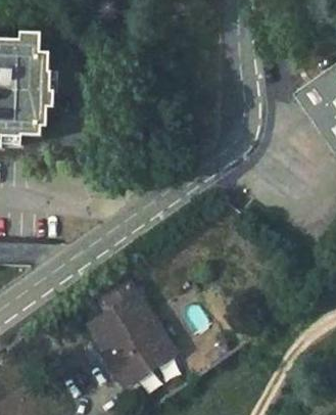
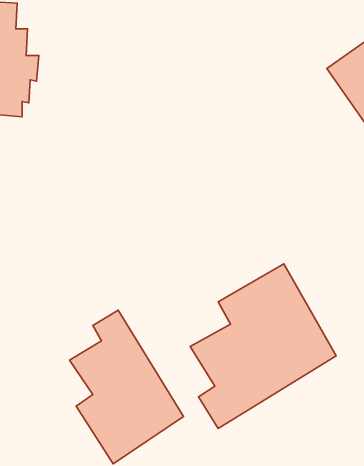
building: none -> [190,264,336,428]

